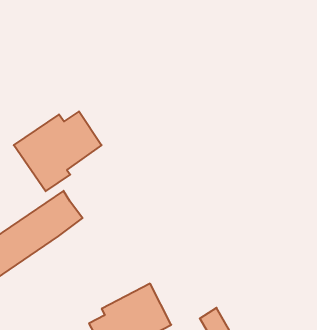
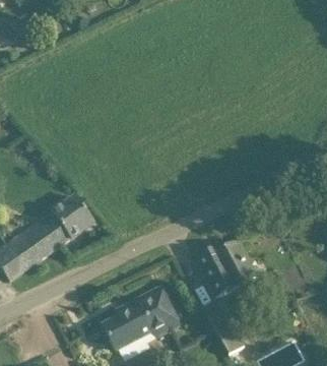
building: [14,111,102,191] -> none
building: none -> [194,240,258,298]

